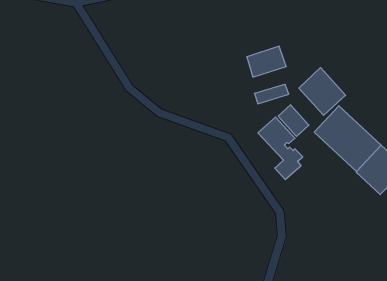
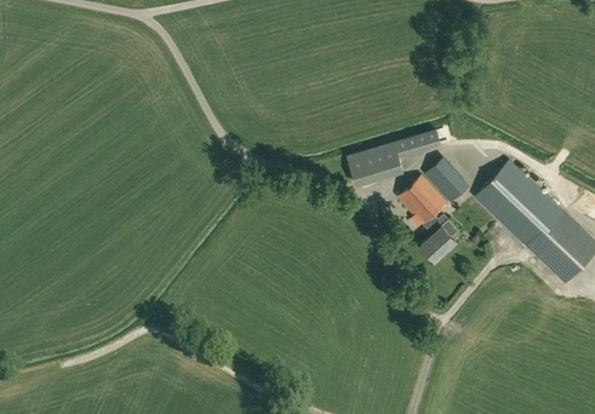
building: [247,46,286,77] -> [348,143,402,185]
building: [299,68,346,115] -> none

